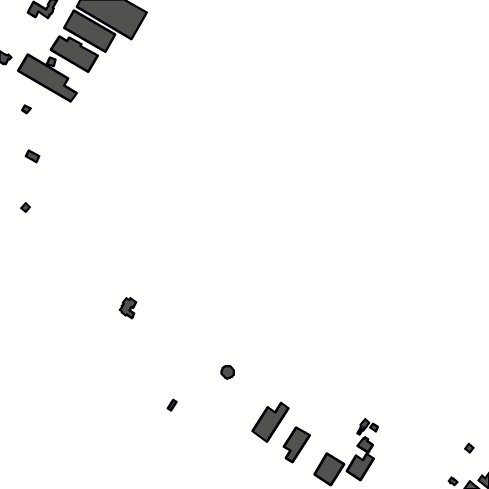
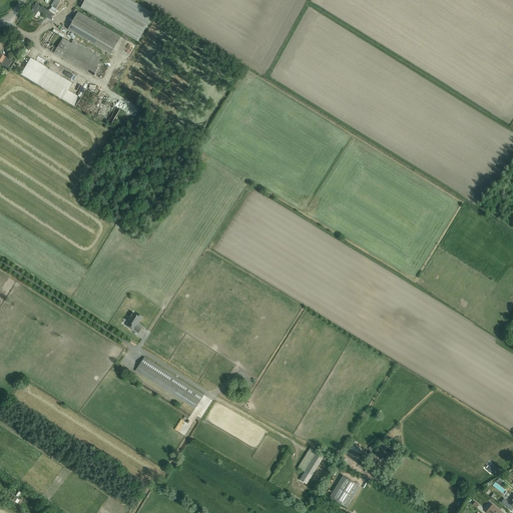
building: none -> [134,356,203,409]
building: [253,403,288,442] -> none
building: [347,454,374,480] -> none

